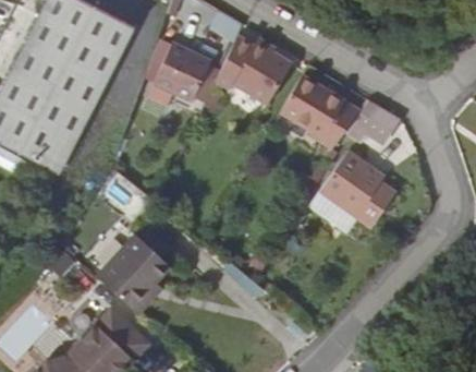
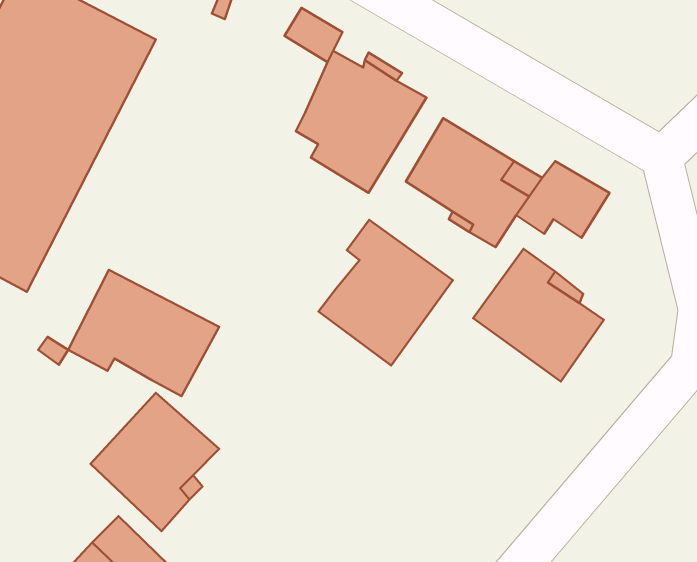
building: [152,43,221,104] -> none
building: none -> [319,220,453,366]
building: none -> [68,270,219,396]

